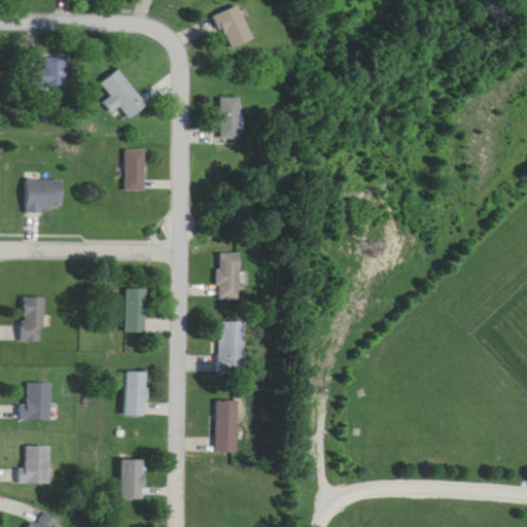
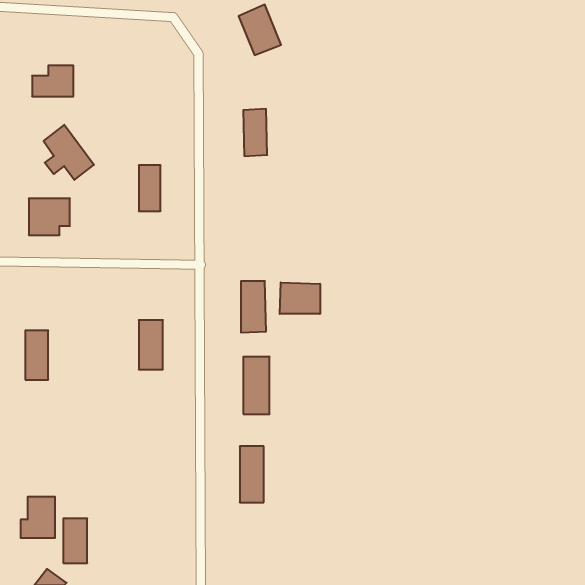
building: [100,68,145,117] -> [44,125,94,180]
building: none -> [280,282,320,314]
building: [125,372,146,416] -> none
building: [20,382,50,418] -> none
building: [122,458,144,498] -> [63,518,87,563]

